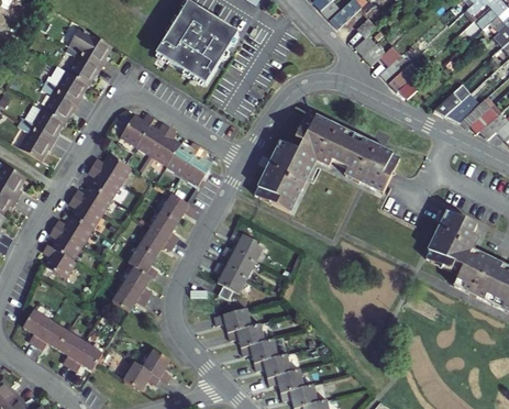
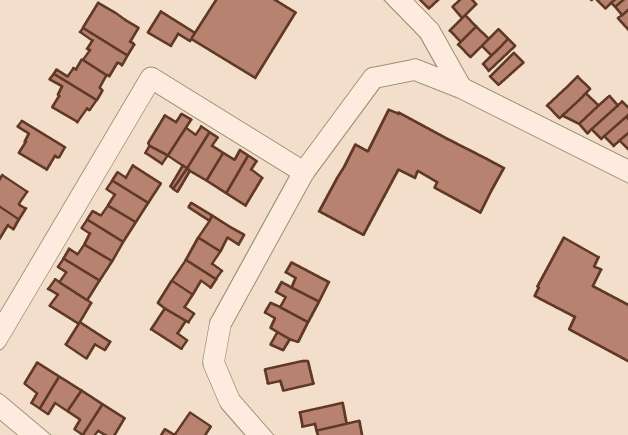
building: none -> [148,11,195,46]
building: [20,106,63,140] -> none
building: [111,284,146,312] -> [66,322,110,358]
building: [226,325,264,350] -> none

